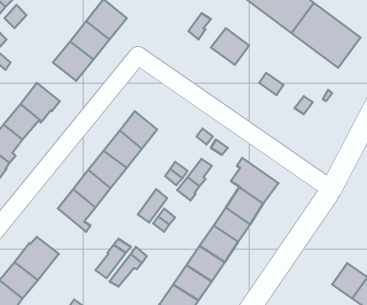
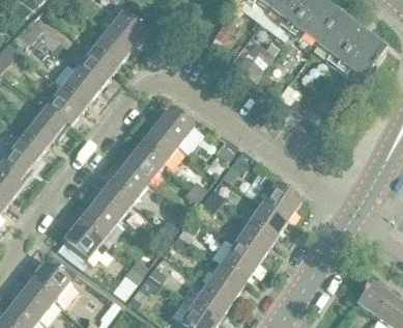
building: none -> [54,75,94,114]
building: none -> [154,105,195,143]
building: none -> [60,224,105,265]

